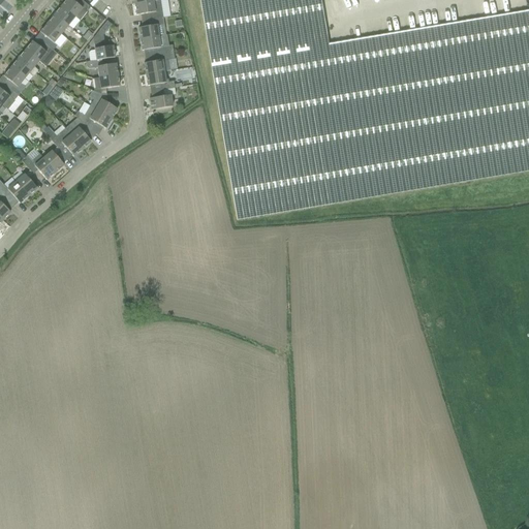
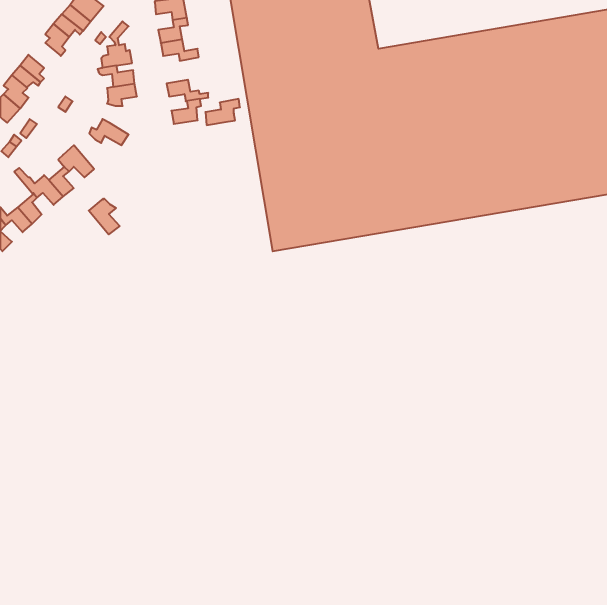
building: [26,37,57,64] -> none
building: [145,50,175,72] -> [205,99,240,125]
building: [89,89,118,117] -> none
building: [65,116,92,147] -> [89,199,120,234]

